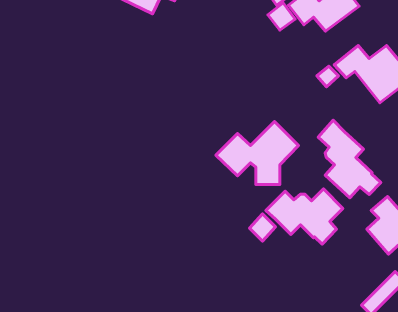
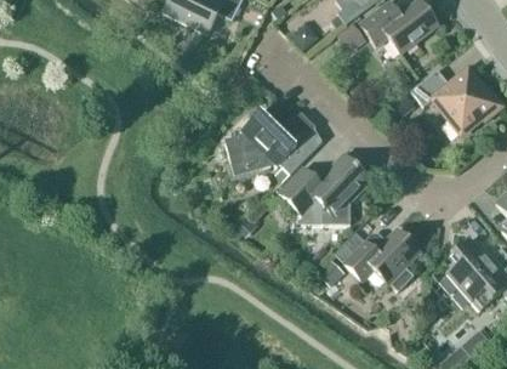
building: none -> [226,109,323,175]
building: [318,120,381,198] -> none

